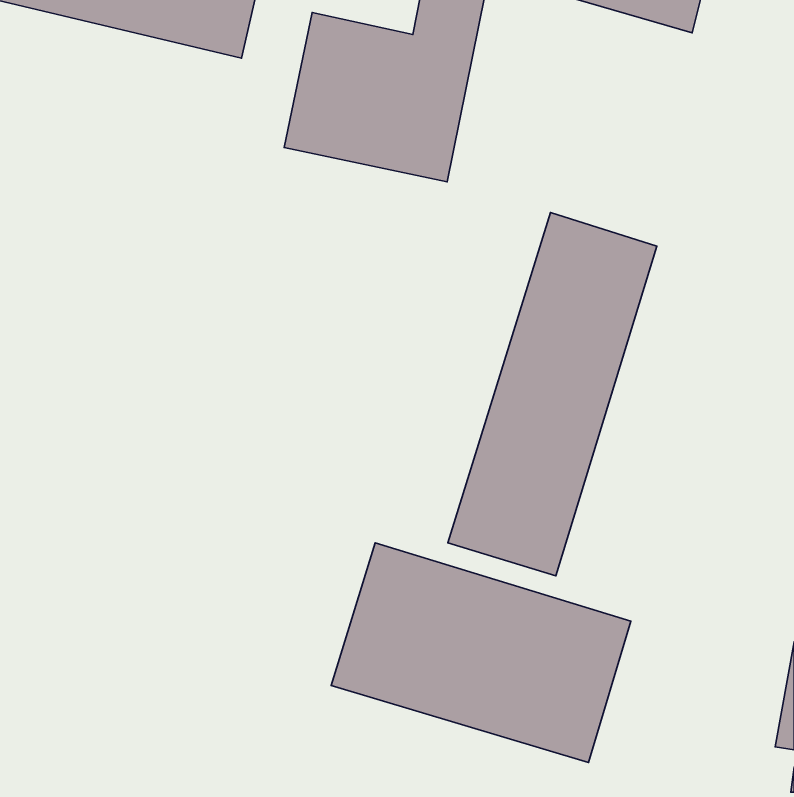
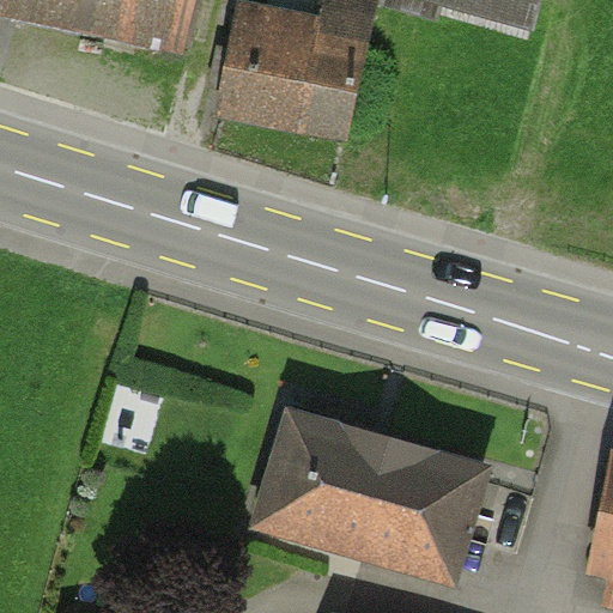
building: [448,212,657,576] -> none

